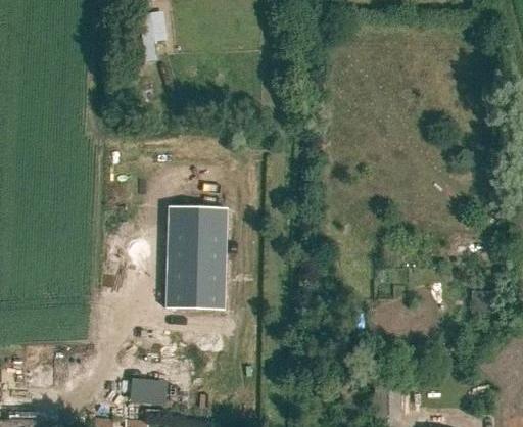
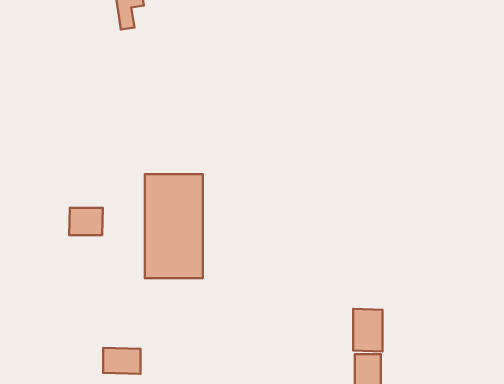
building: none -> [69,208,103,235]
building: none -> [353,309,382,351]

